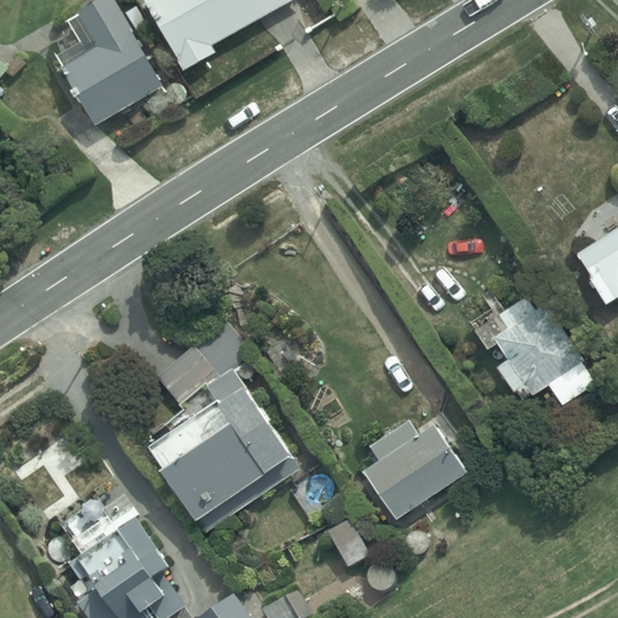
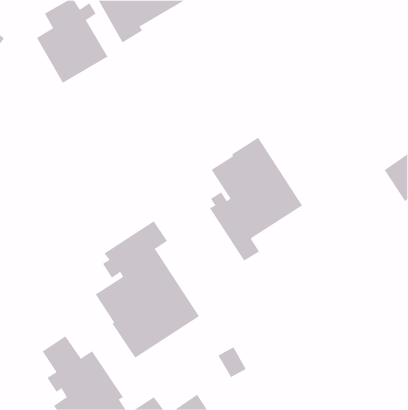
building: none -> [209,137,303,261]
building: [467,290,595,403] -> none
building: [367,420,470,514] -> none

